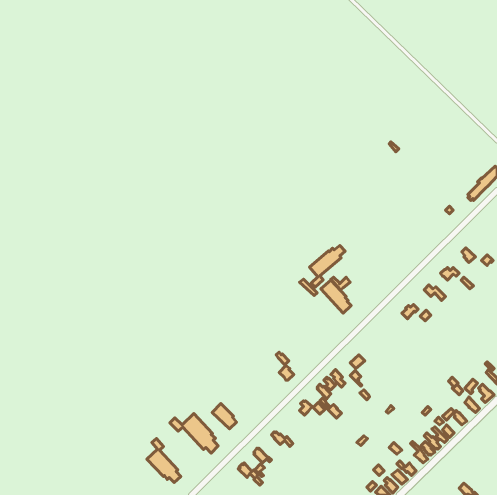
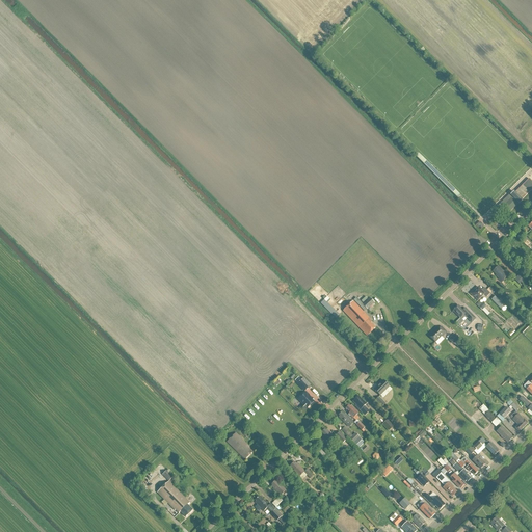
building: [309,245,345,287] -> none
building: [170,413,218,453] -> none

